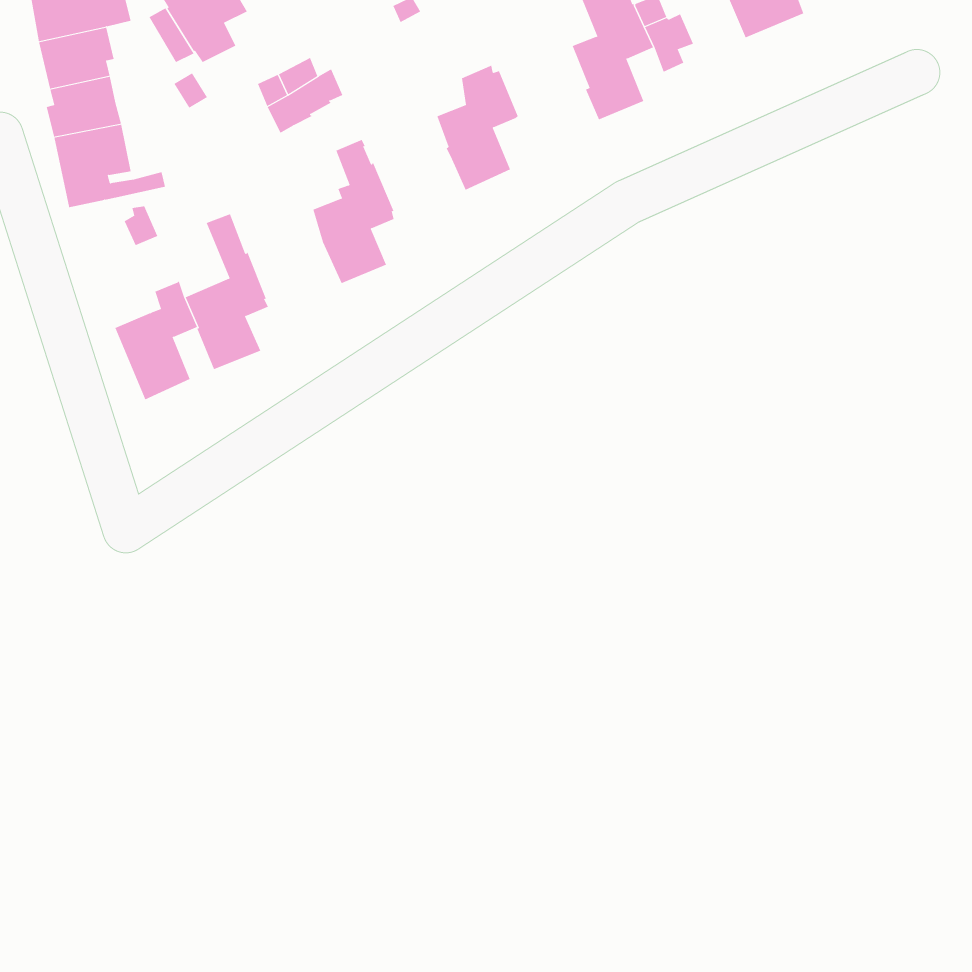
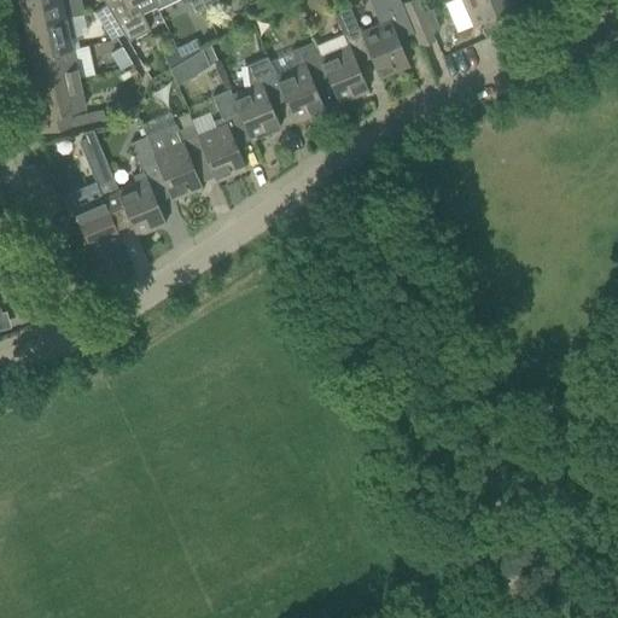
building: none -> [317,7,374,101]
building: none -> [232,56,286,139]
building: none -> [147,123,205,198]

